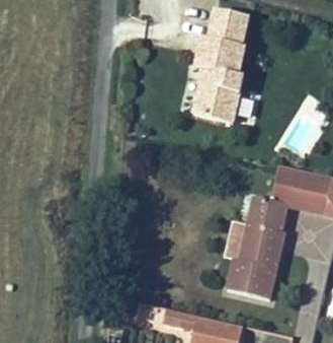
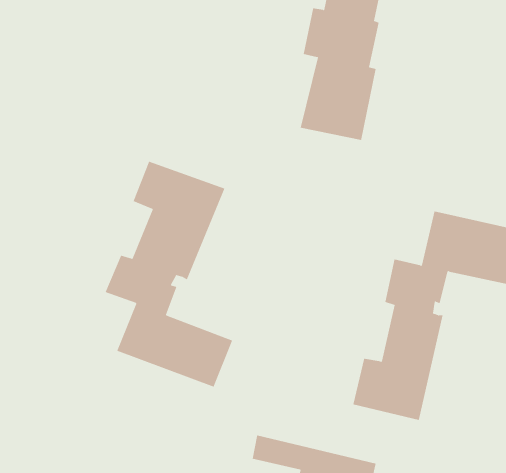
building: none -> [105,161,233,388]
building: [224,221,253,262] -> none

